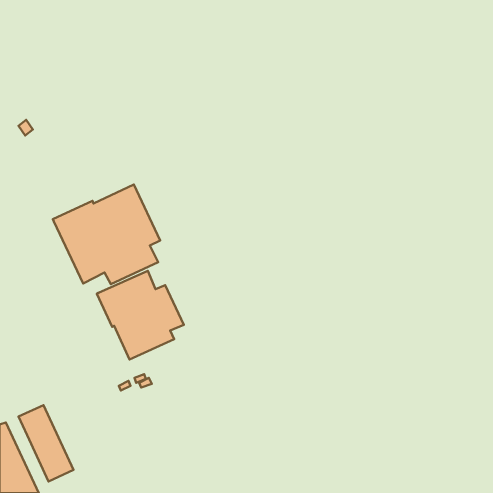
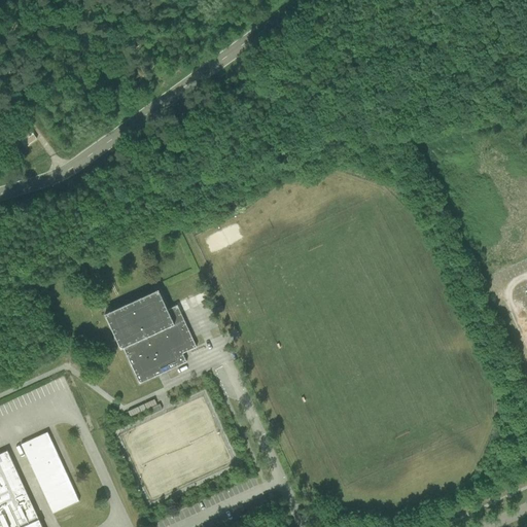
building: [53,185,160,284] -> none

